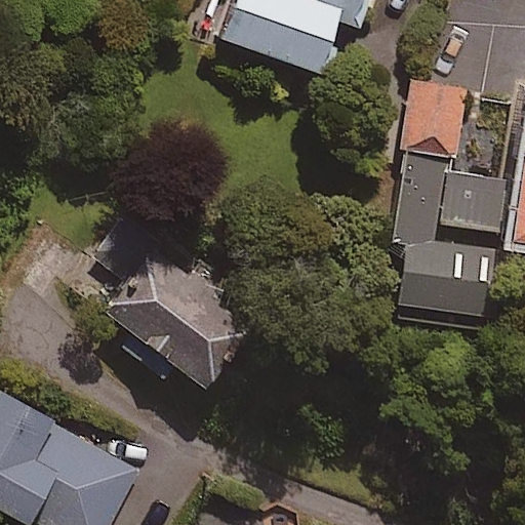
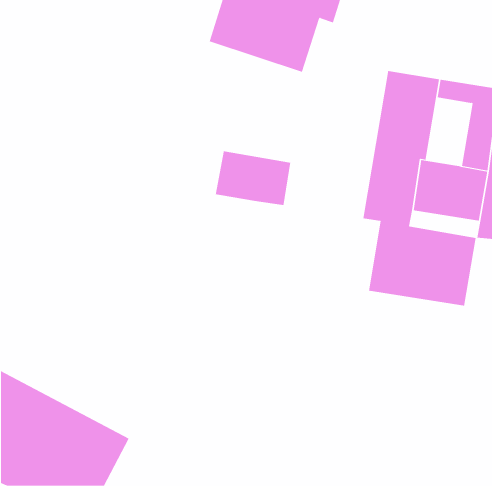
building: none -> [215,151,291,206]
building: [95,202,255,398] -> none

